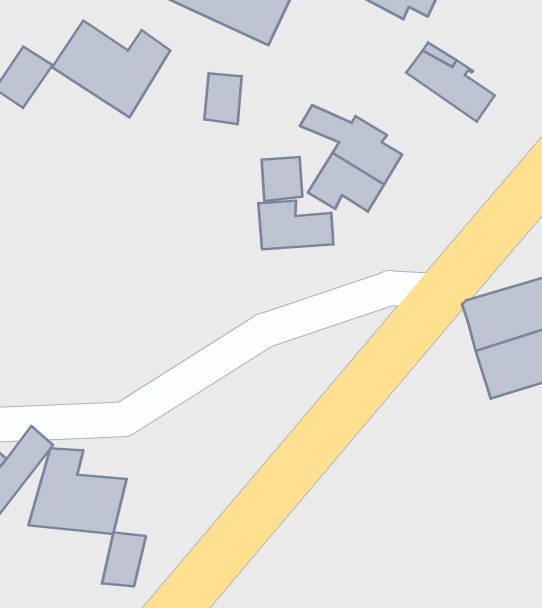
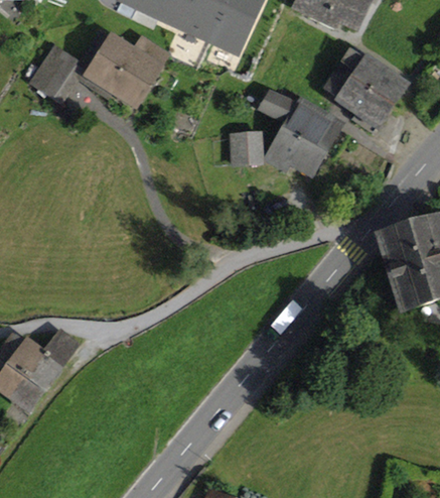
building: none -> [326,70,391,131]
building: [205,73,242,124] -> none
building: [258,201,333,249] -> none
building: [29,448,146,586] -> none

